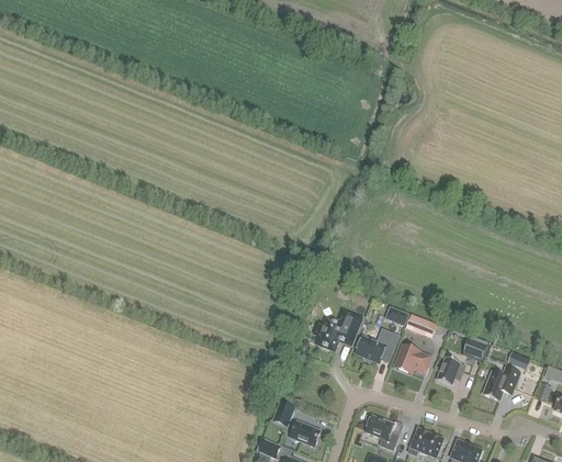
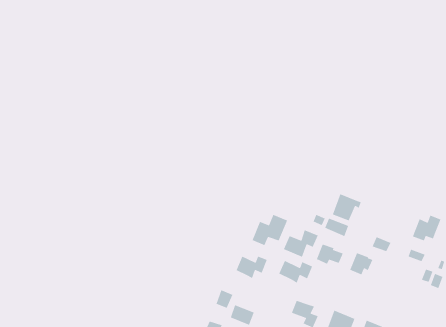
building: none -> [332,193,362,222]
building: none -> [235,255,268,279]
building: none -> [278,260,313,284]
building: [484,367,520,399] -> [412,215,442,241]

